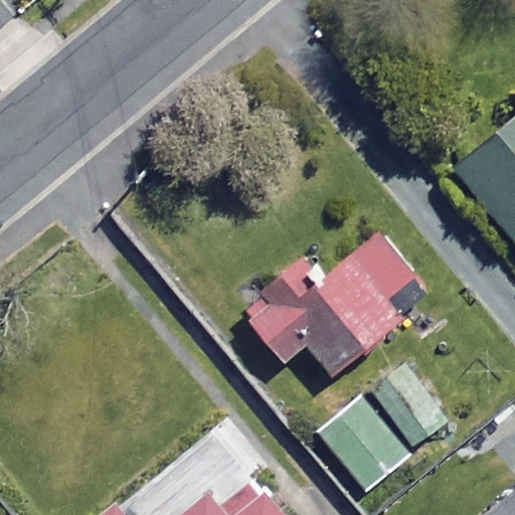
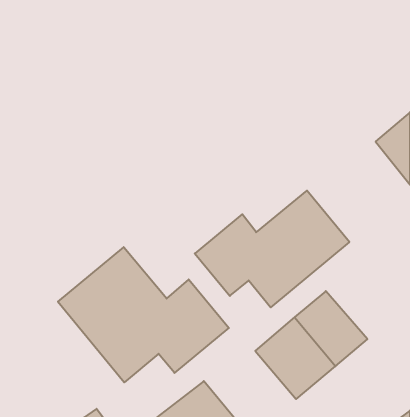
building: none -> [58,247,229,382]

